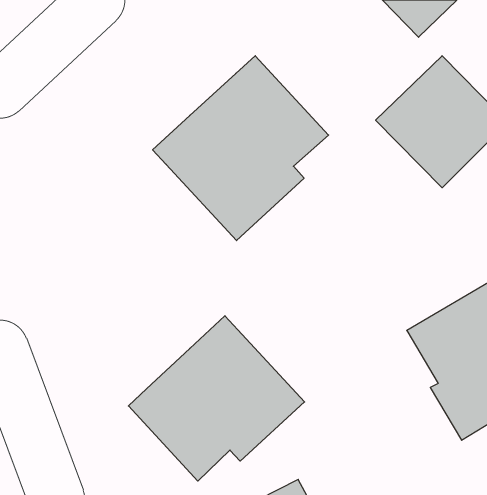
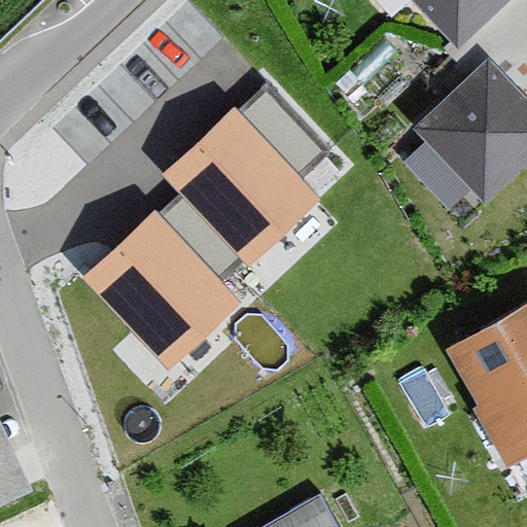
building: none -> [91,178,262,364]
building: [128,316,305,481] -> none

